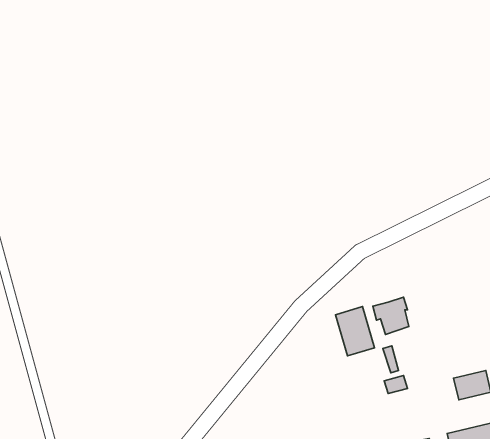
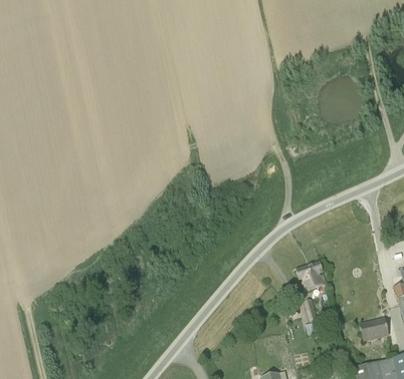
building: [335,307,375,356] -> none

